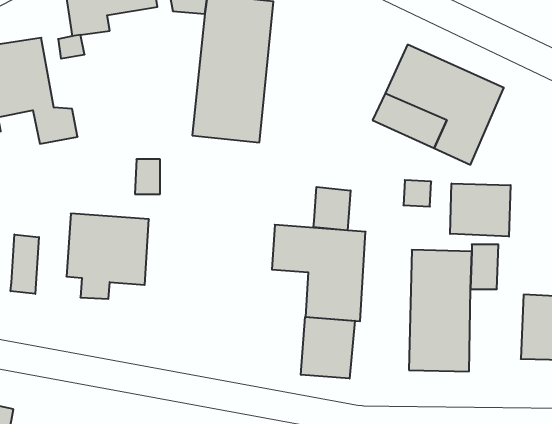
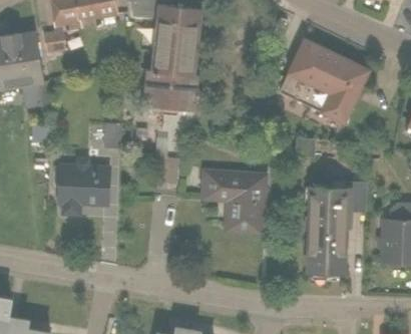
building: [450,183,511,237] -> none
building: [313,187,351,230] -> none
building: [11,234,39,294] -> none
building: [301,317,355,379] -> none

